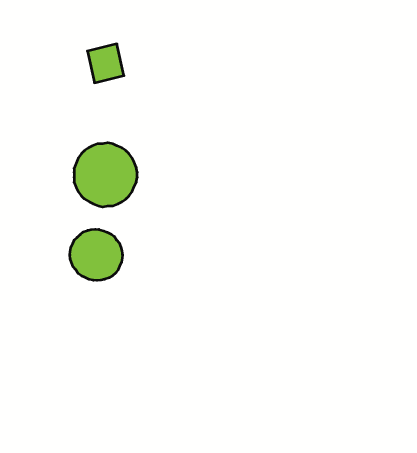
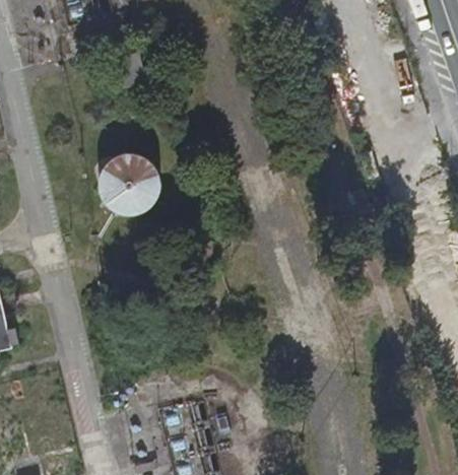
building: [70,229,122,280] -> none

